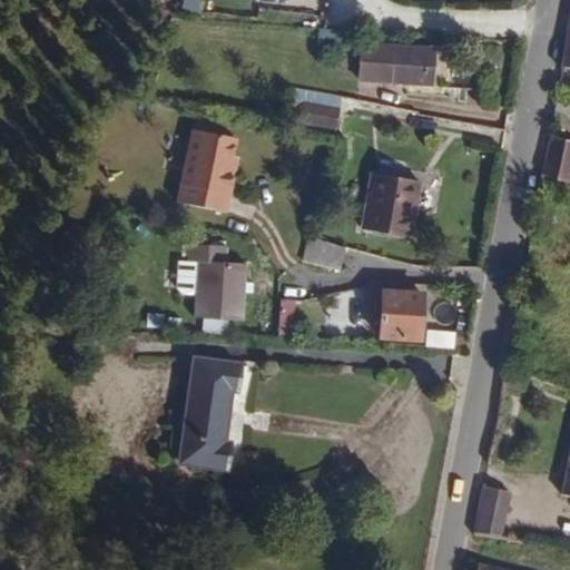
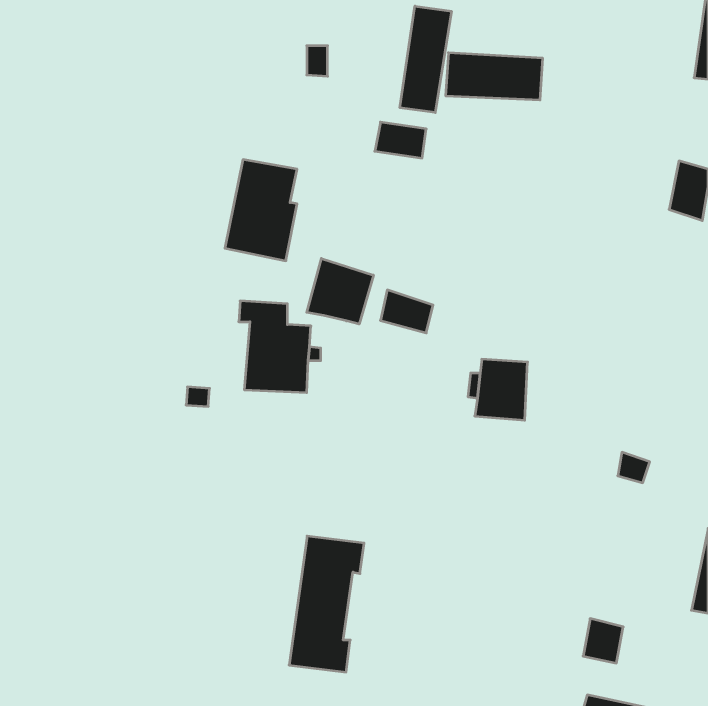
building: none -> [400,6,451,113]
building: [362,173,422,235] -> none
building: none -> [307,258,373,324]
building: [183,358,243,468] -> [289,536,364,672]

